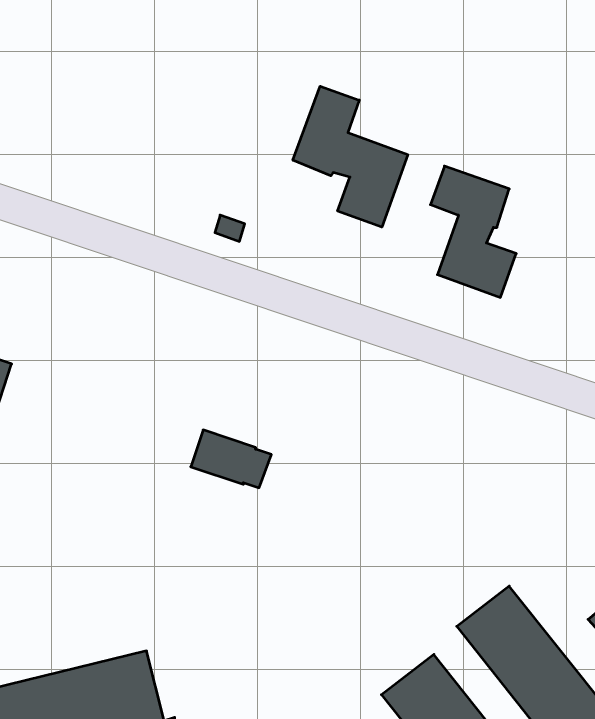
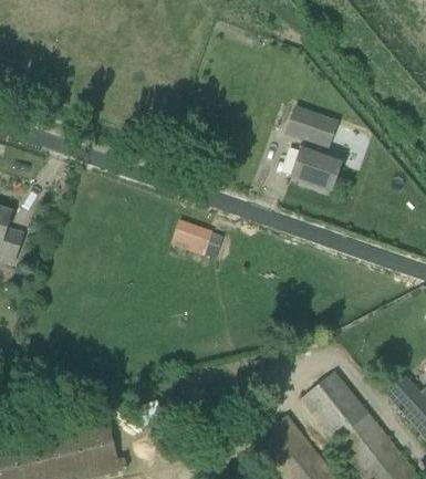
building: [293,86,408,227] -> none
building: [191,430,271,488] -> [172,220,222,257]

